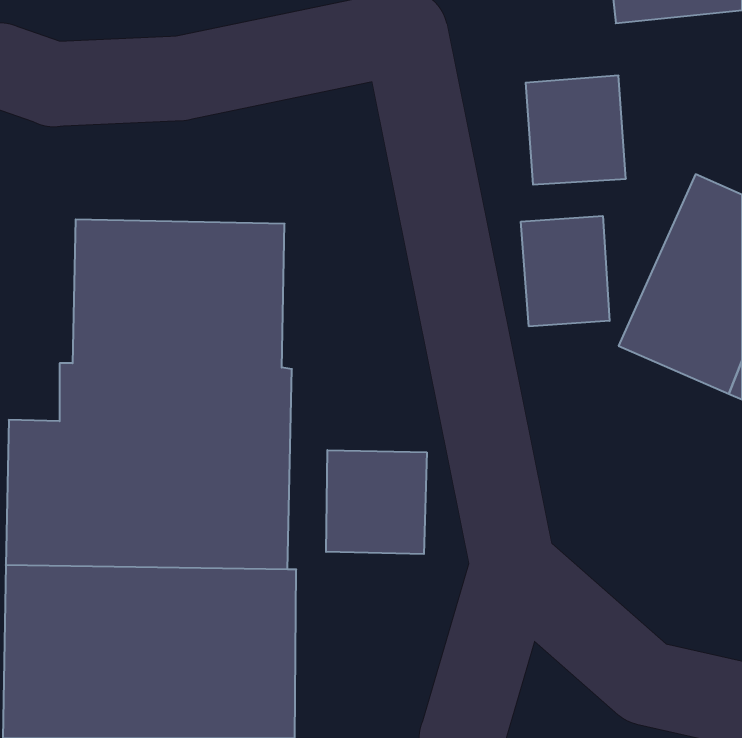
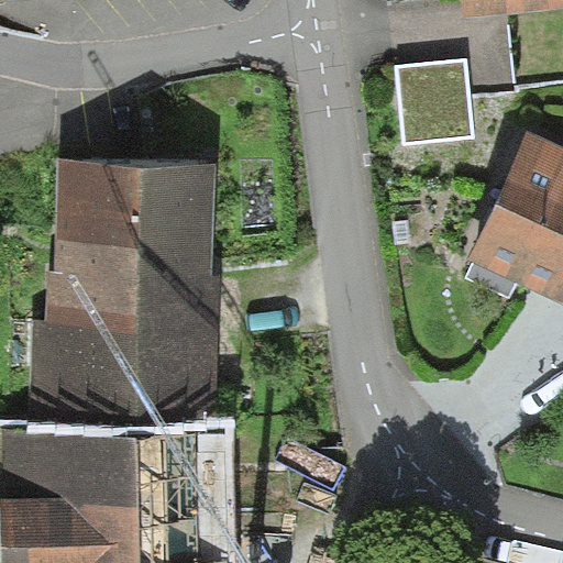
building: [521,216,610,326] -> none
building: [326,450,427,554] -> none

